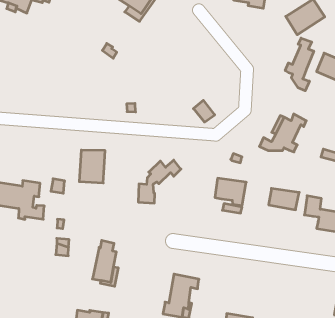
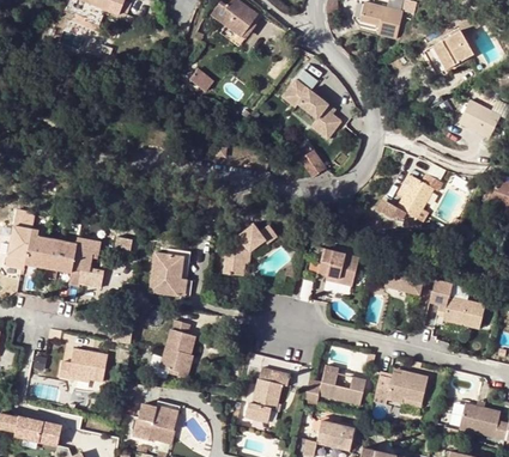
building: [285,38,314,91] -> none
building: none -> [281,79,340,139]
building: [79,150,105,183] -> [147,252,182,295]
building: none -> [59,342,105,374]
building: none -> [378,371,434,403]
building: none -> [307,370,371,407]

